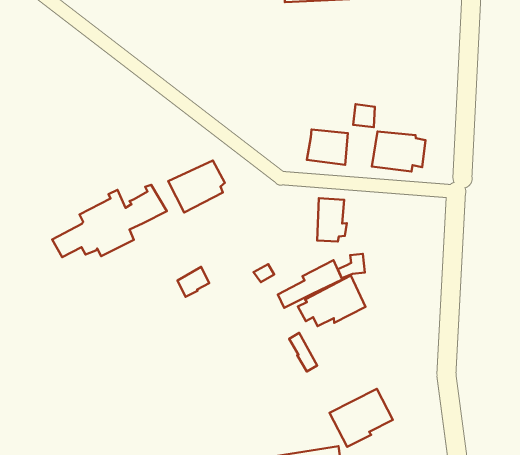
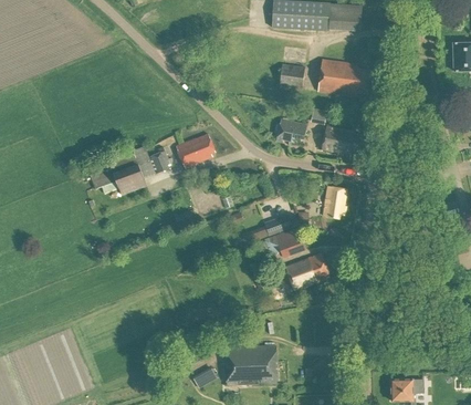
building: none -> [317,59,369,96]
building: none -> [279,64,304,89]
building: [317,198,347,241] -> [324,186,346,218]
building: [329,389,393,447] -> [285,252,329,291]

